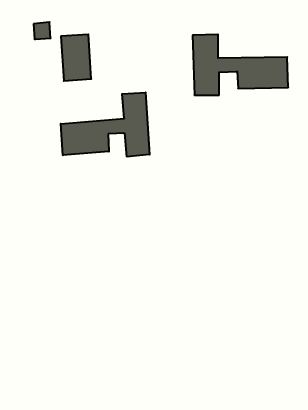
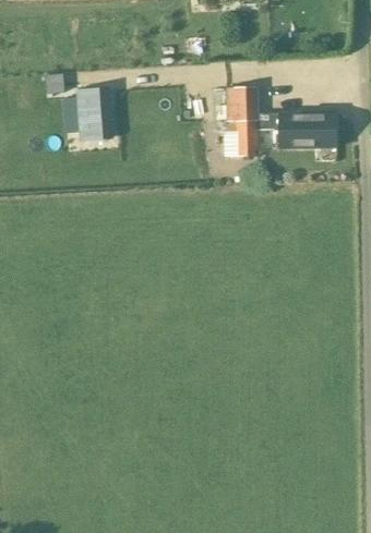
building: [61,92,150,157] -> none

